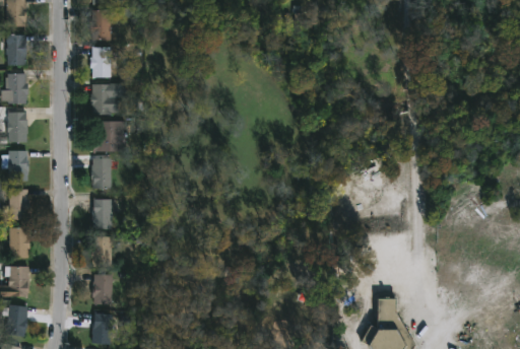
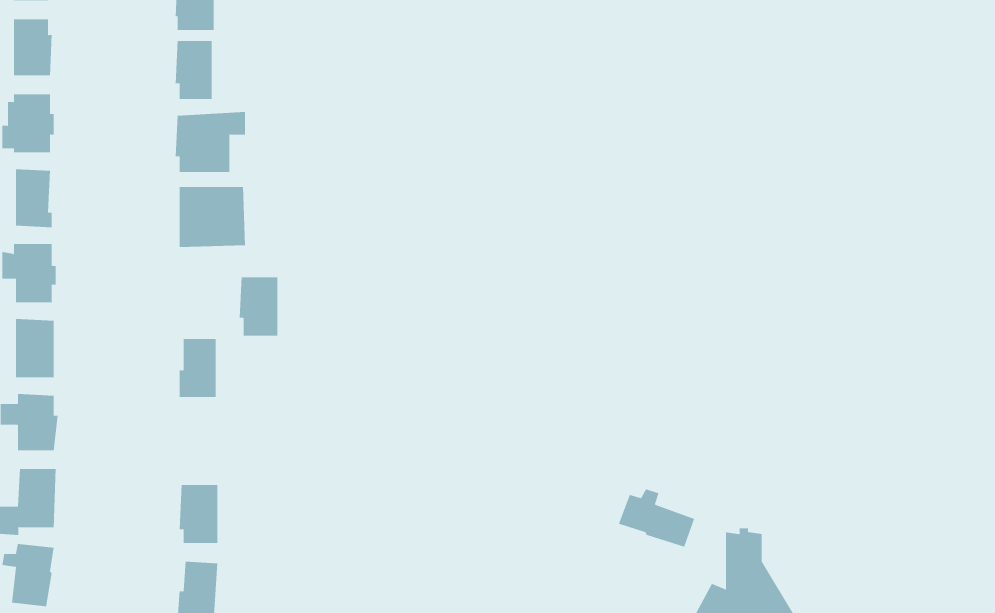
building: [91,158,112,189] -> [239,277,278,336]
building: [92,236,114,266] -> none
building: none -> [618,488,695,547]

